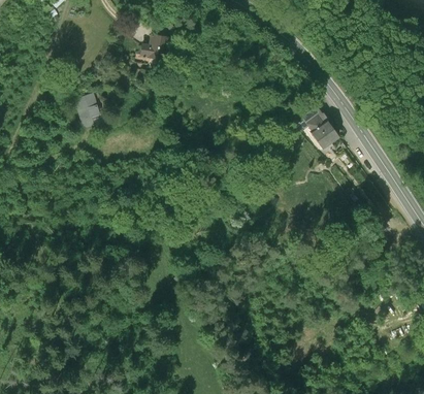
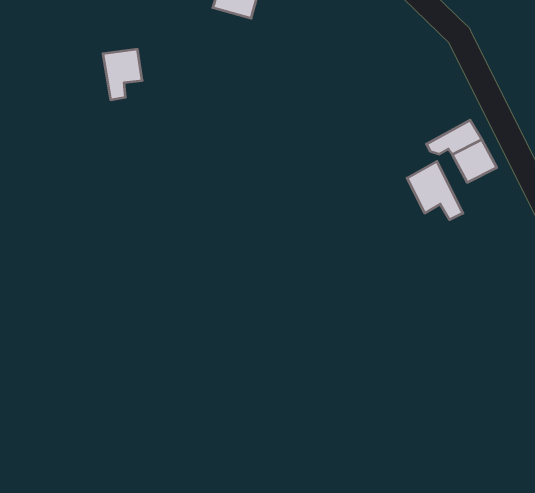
building: none -> [407,161,463,220]

